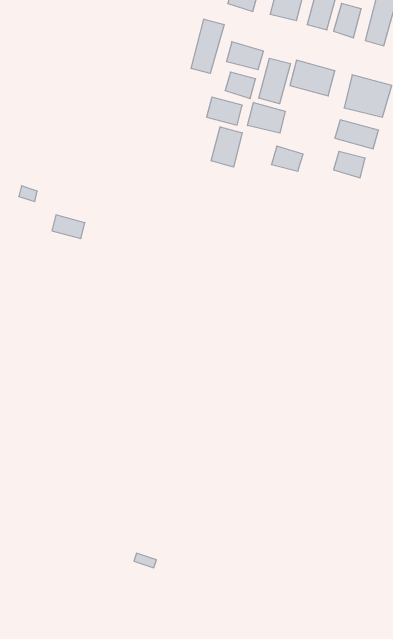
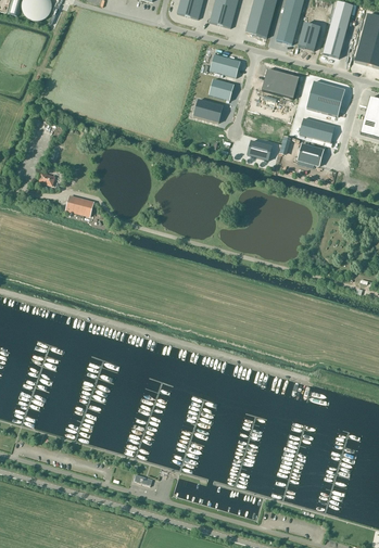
building: [191,19,224,73] -> none
building: [259,58,290,104] -> none
building: [248,102,285,133] -> none
building: [211,127,242,167] -> none

